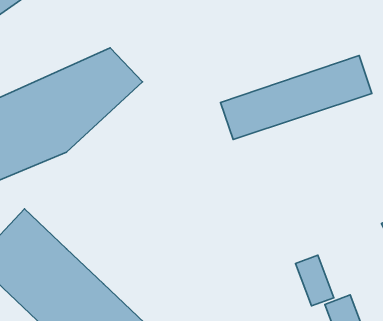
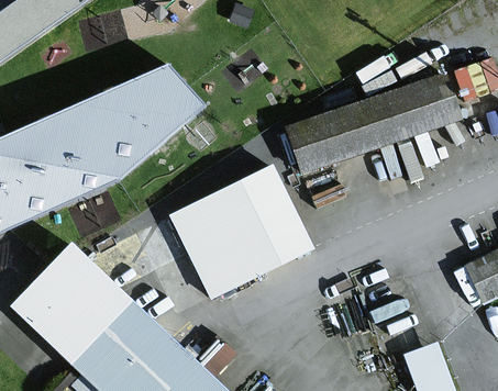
building: none -> [174,168,307,292]
building: [296,255,334,306] -> none

